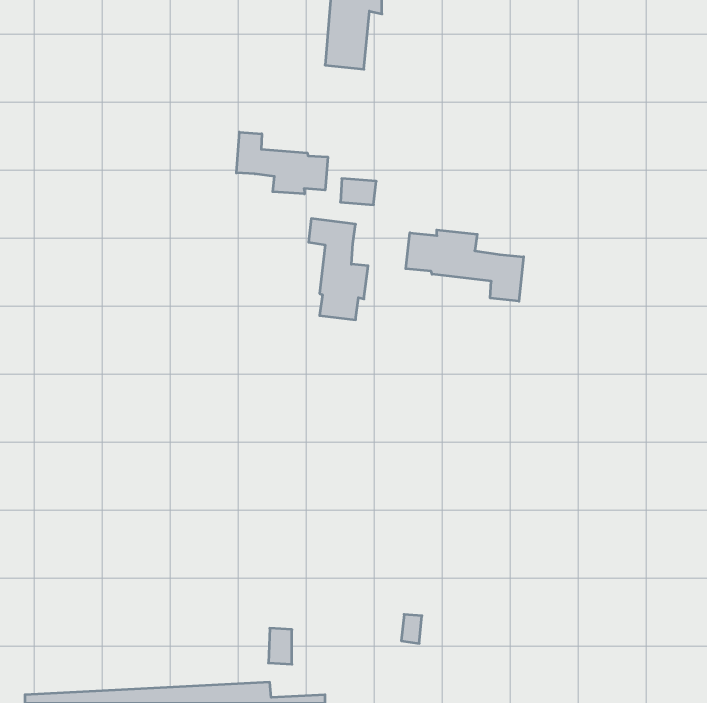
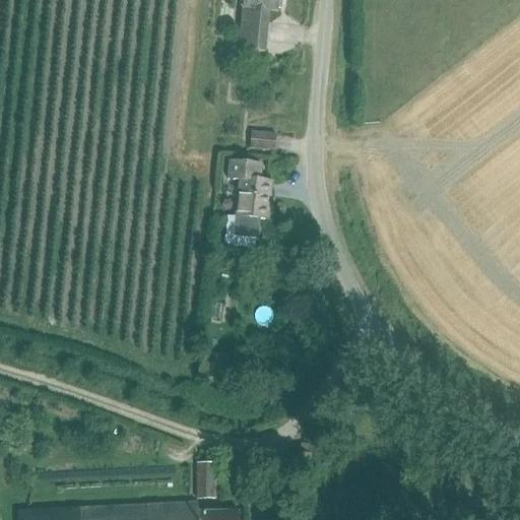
building: [236,132,328,194] -> none
building: [406,230,524,301] -> none

